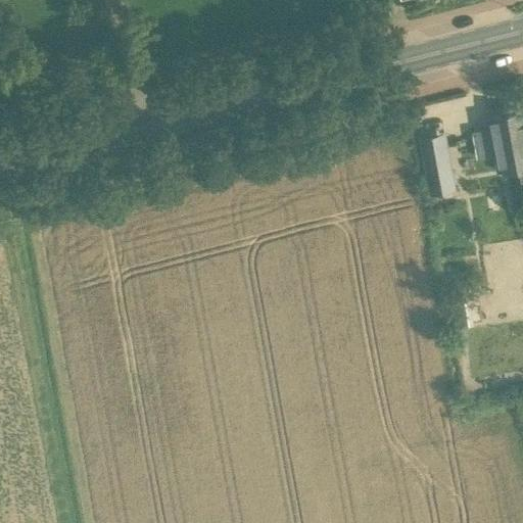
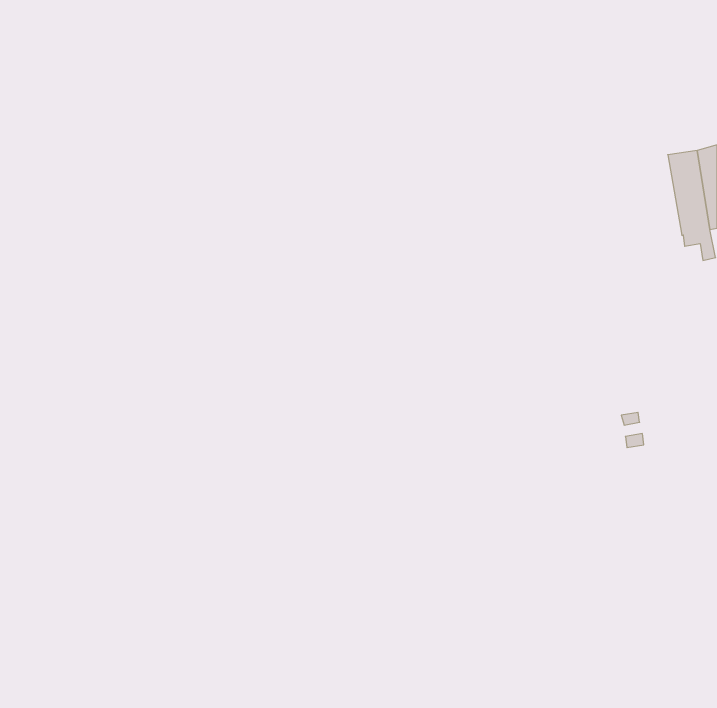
building: [421,153,447,186] -> none

